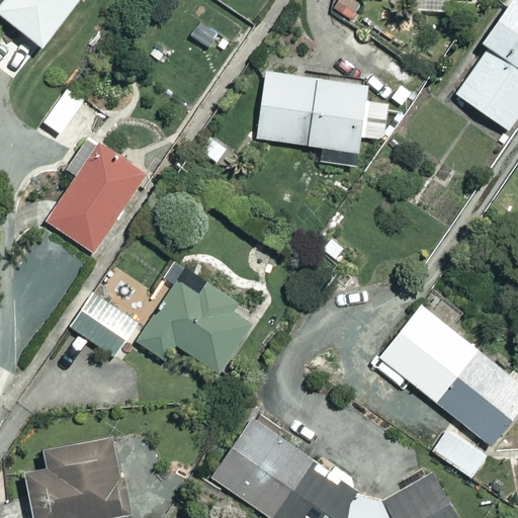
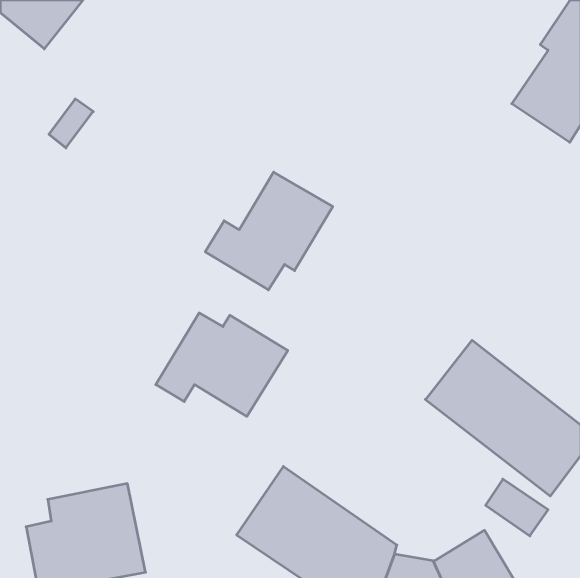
building: [257,72,392,152] -> none
building: [49,145,144,252] -> none
building: none -> [205,172,333,290]
building: [74,294,136,356] -> none

